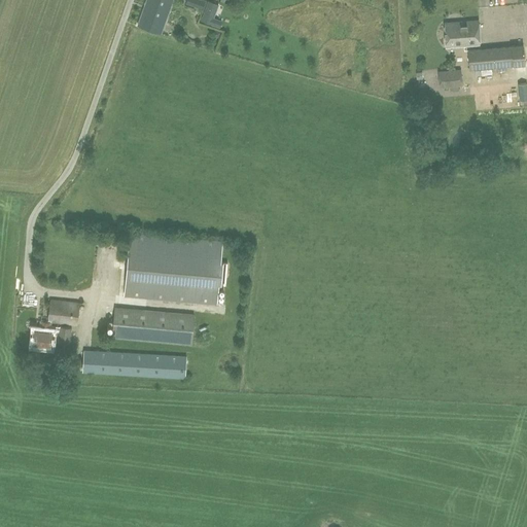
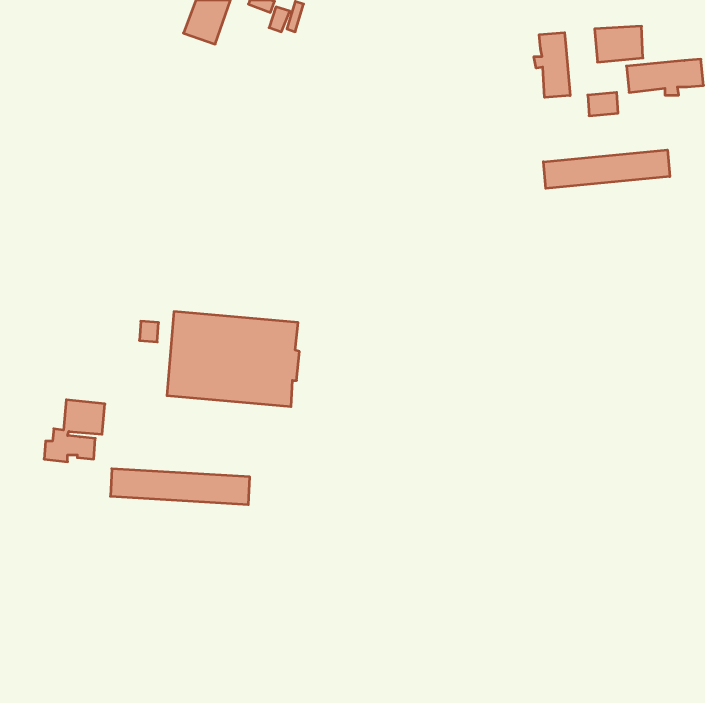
building: none -> [534,33,570,97]
building: none -> [543,150,670,188]
building: [112,309,195,345] -> none

